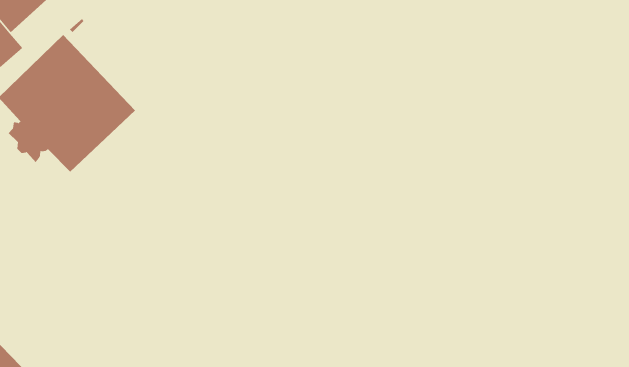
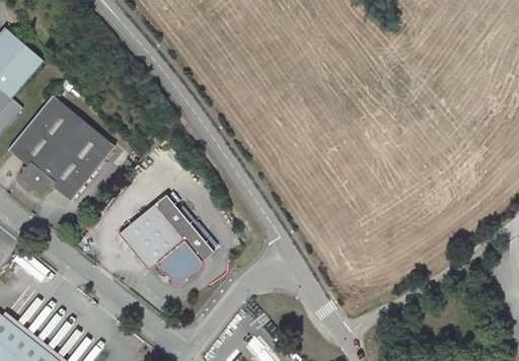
building: none -> [118,194,213,284]

